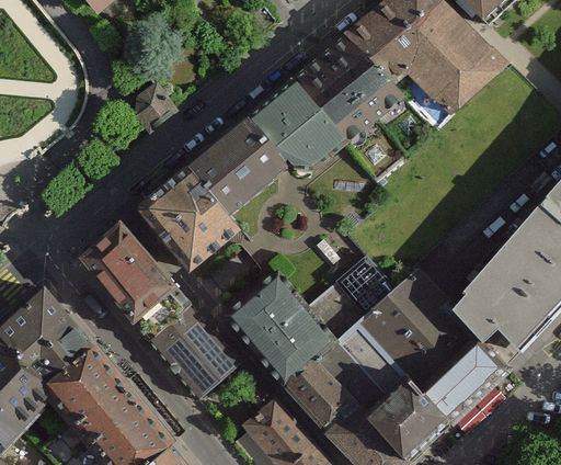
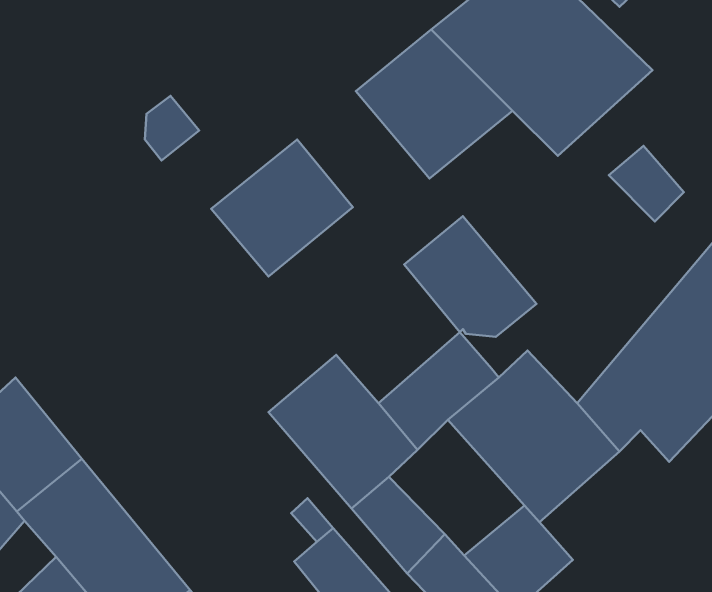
building: [248,80,344,168] -> [404,216,537,337]
building: none -> [609,146,684,222]
building: [138,166,238,266] -> none
building: [80,222,240,398] -> none
building: [314,319,413,418] -> none
building: [424,342,505,421] -> none

